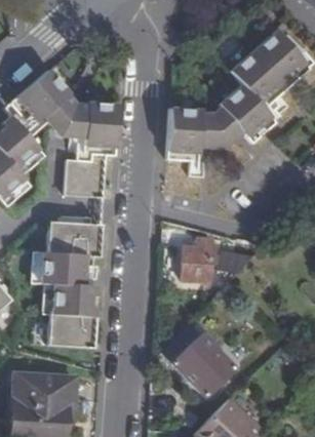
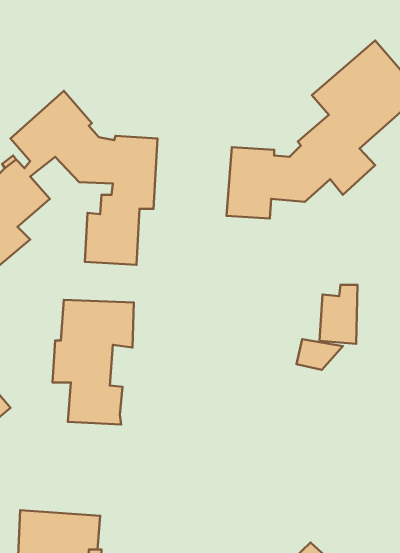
building: [185,238,212,281] -> [320,285,357,344]
building: [48,310,95,345] -> none
building: [163,323,236,396] -> none

